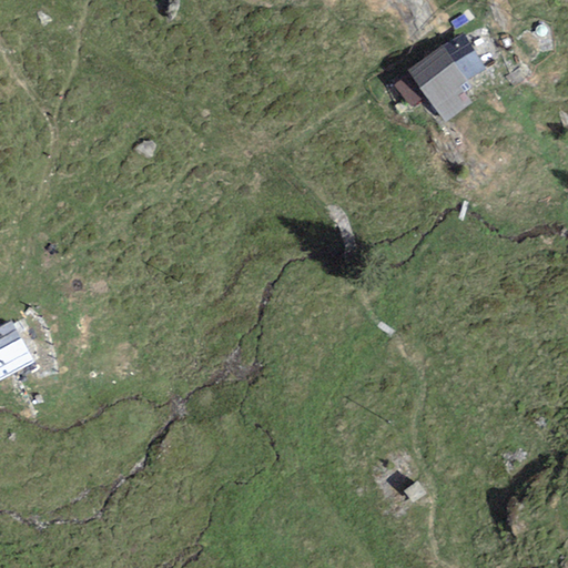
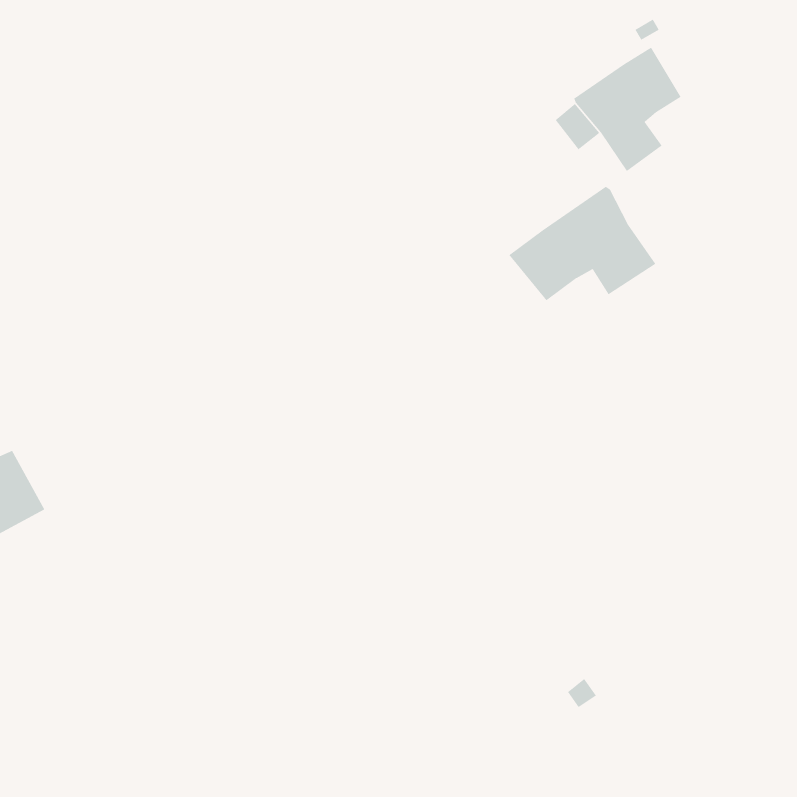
building: none -> [509,186,656,301]

